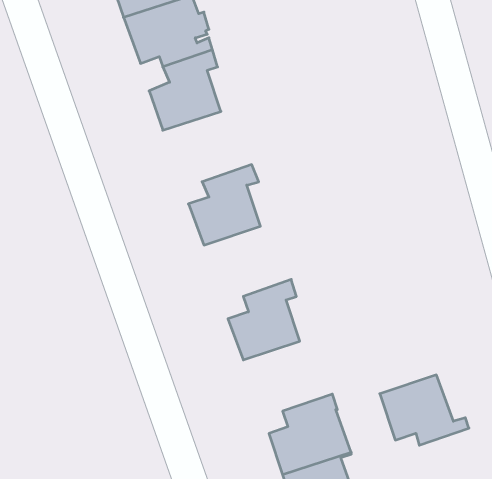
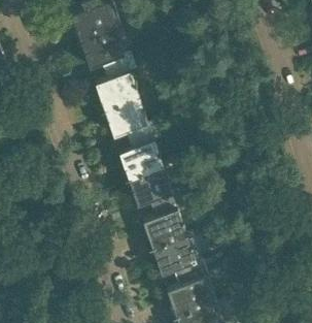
building: none -> [104,98,158,140]
building: none -> [129,167,181,209]
building: [380,375,469,445] -> [152,236,206,279]

